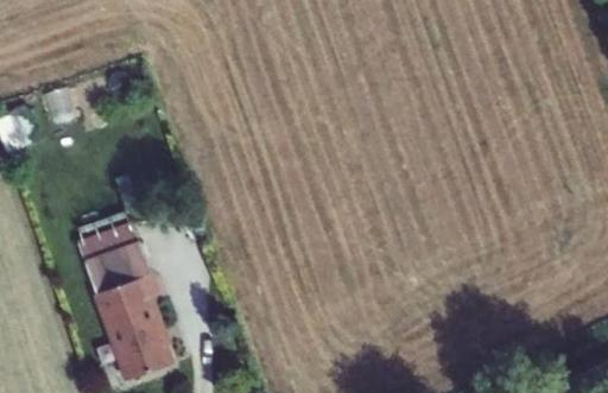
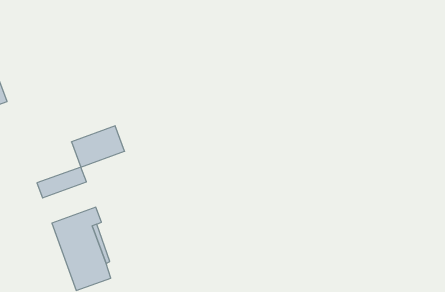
building: [82,241,150,293] -> [71,126,125,167]

